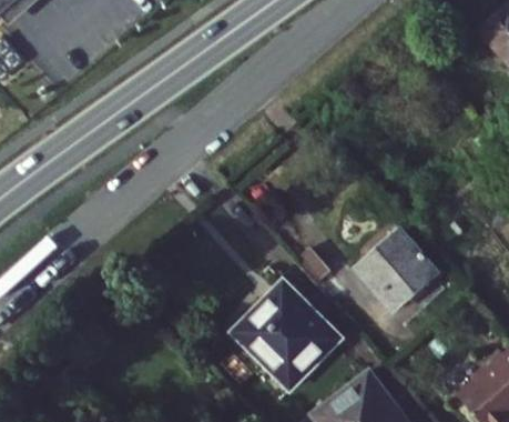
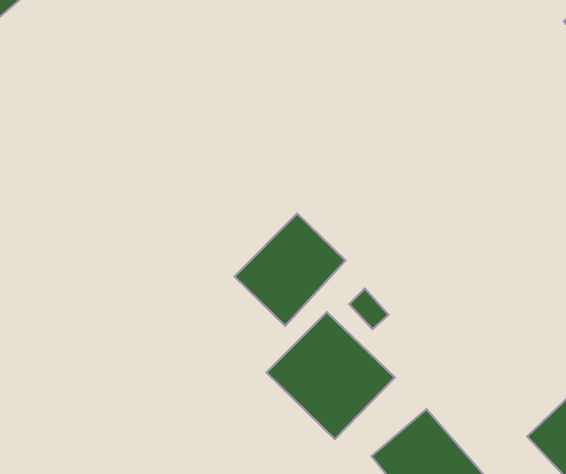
building: none -> [235,213,345,326]
building: [358,227,444,310] -> none

